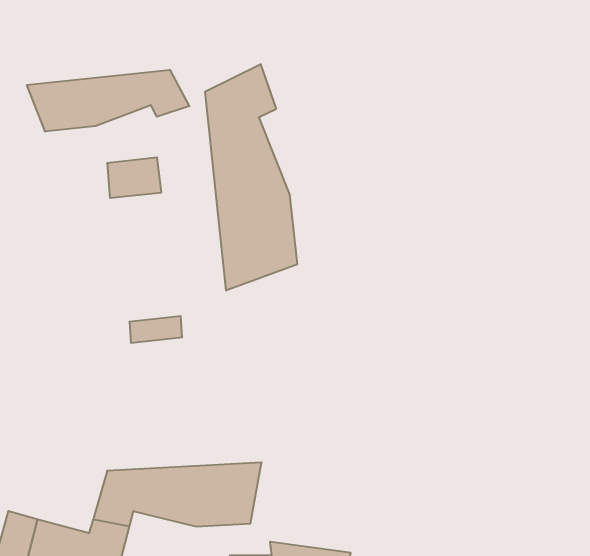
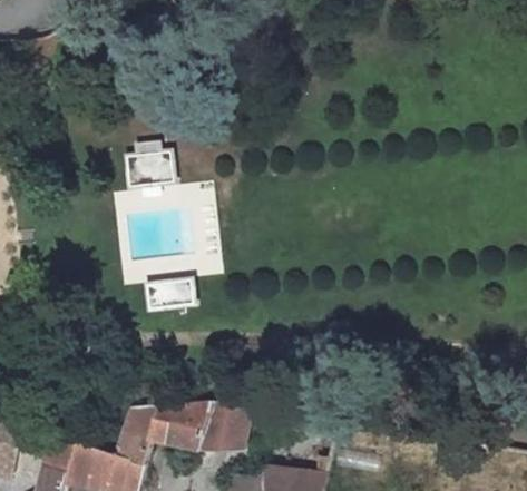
building: [205,64,297,291] -> none
building: [27,70,189,132] -> none

